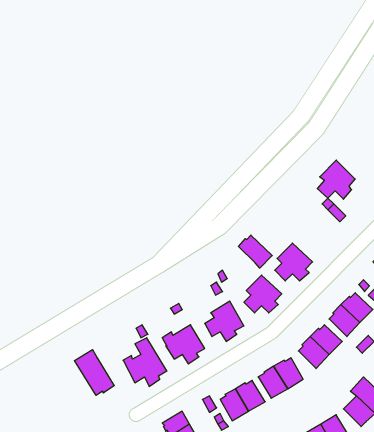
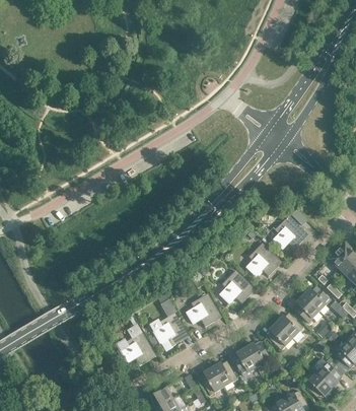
building: [317,160,355,199] -> [272,215,304,249]
building: [238,235,272,268] -> none
building: [74,350,114,395] -> none

